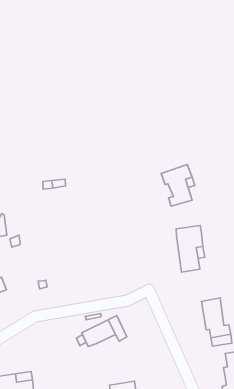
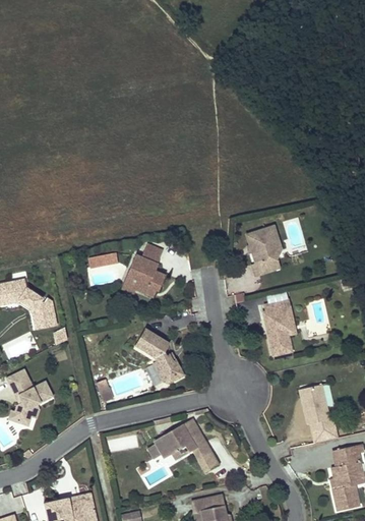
building: none -> [123,243,167,296]
building: none -> [133,326,185,383]
building: none -> [193,442,221,470]

